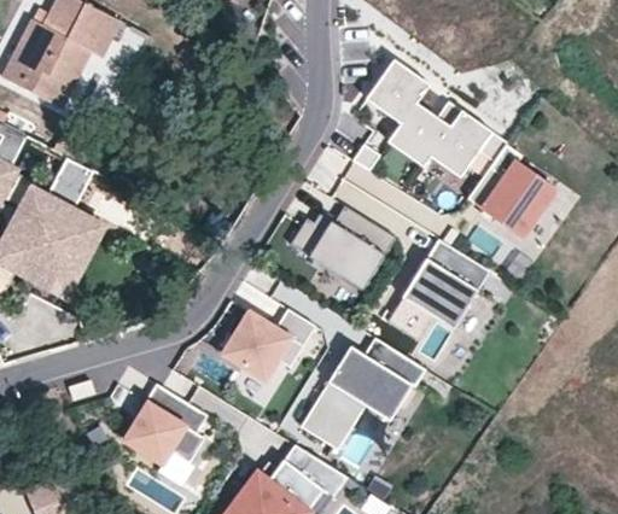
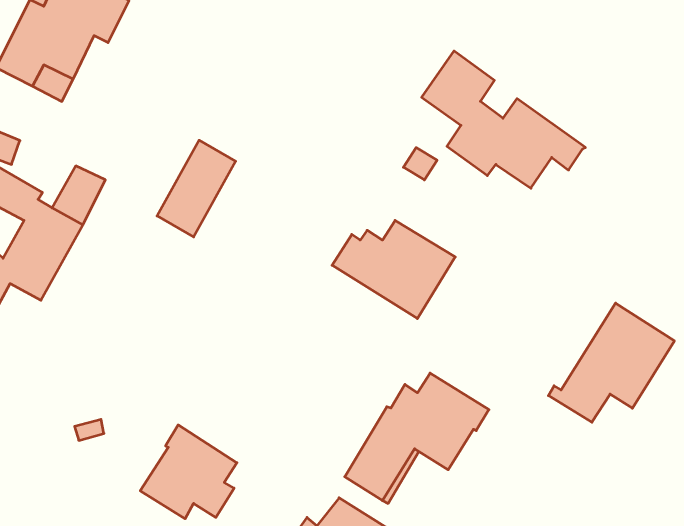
building: [467,145,554,236] -> none
building: [37,210,105,293] -> [157,140,236,237]
building: [379,239,488,341] -> [548,303,674,422]
building: [222,309,315,380] -> none

